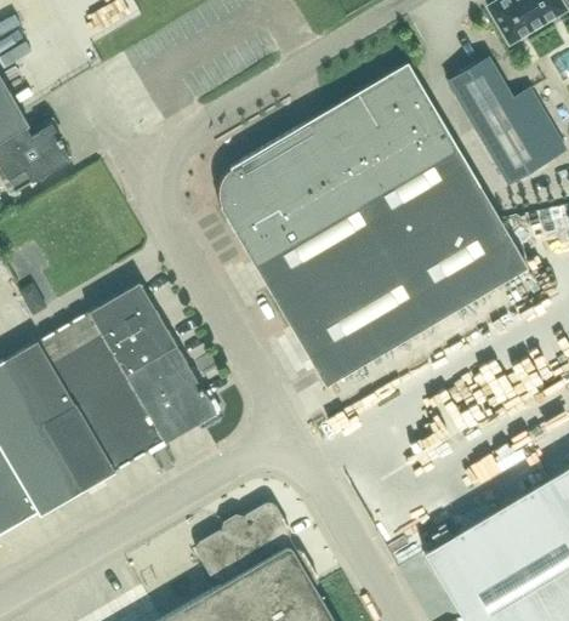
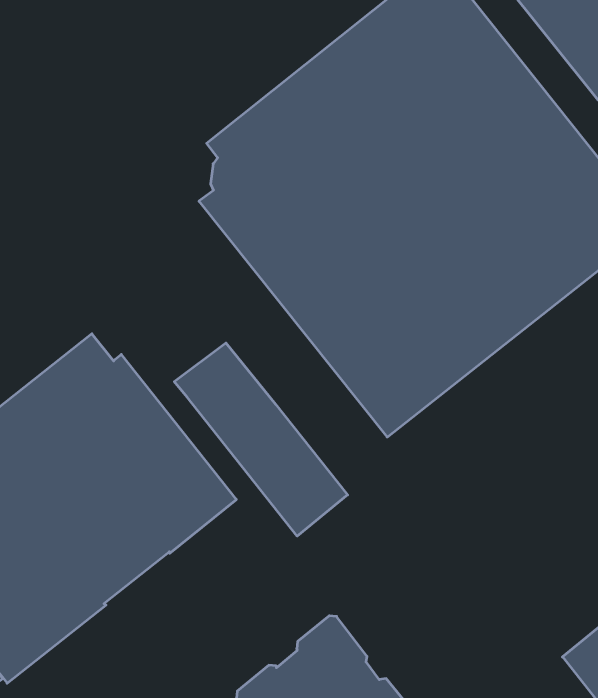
building: none -> [174,343,348,536]

